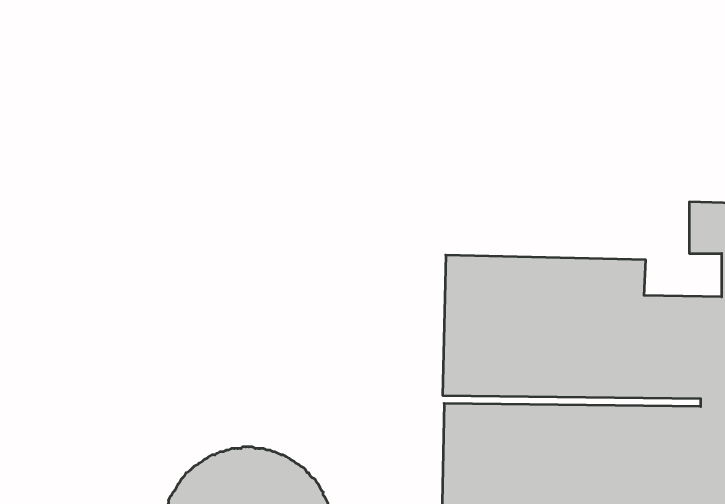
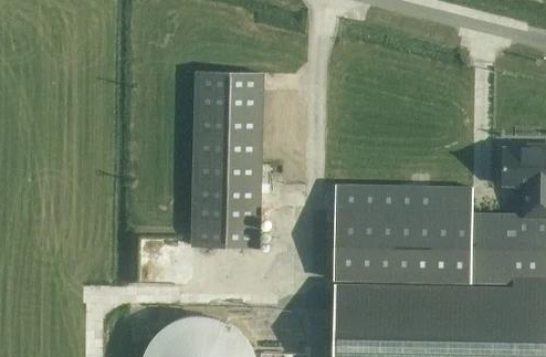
building: none -> [192,71,261,246]

